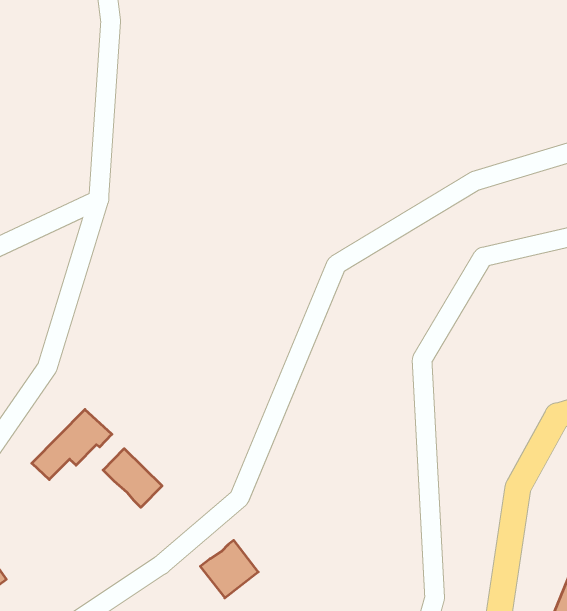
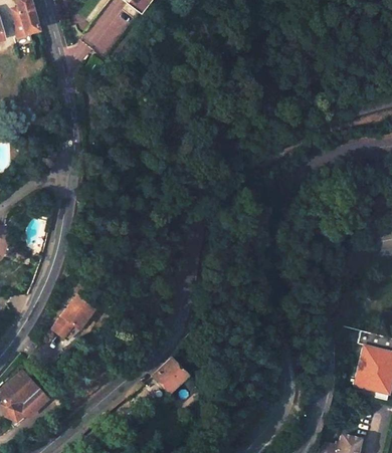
building: [103,449,162,507] -> none

